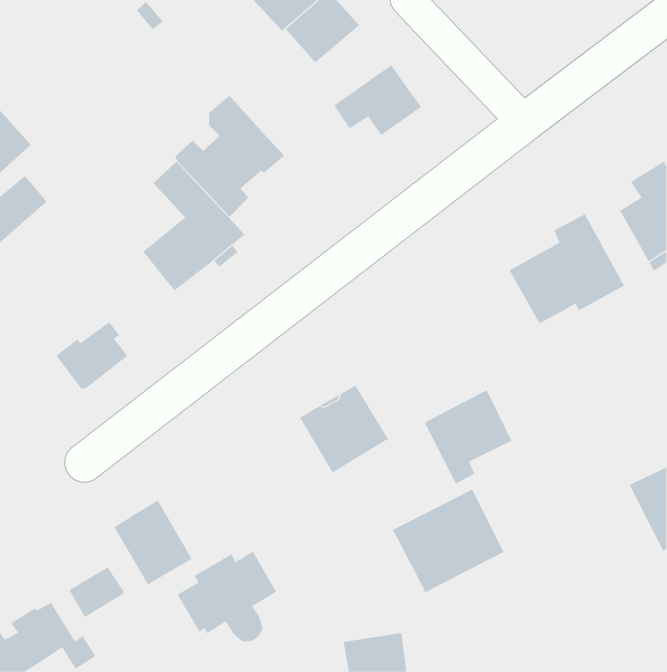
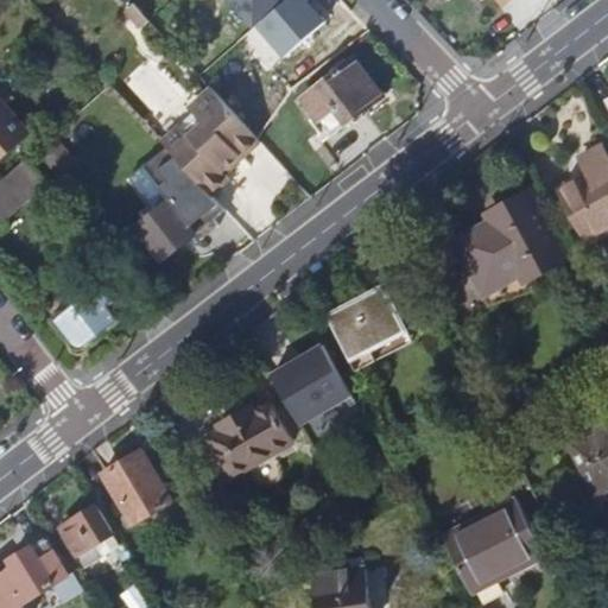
building: [424,389,512,484] -> [327,286,406,372]
building: [392,489,504,593] -> [437,499,538,593]
building: [177,551,277,642] -> [203,404,293,486]

